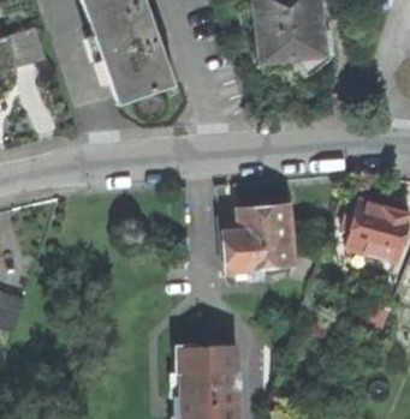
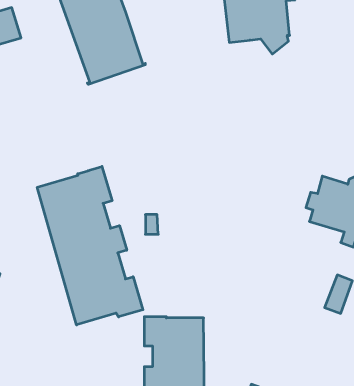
building: none -> [37,166,143,325]
building: [221,199,325,279] -> none

